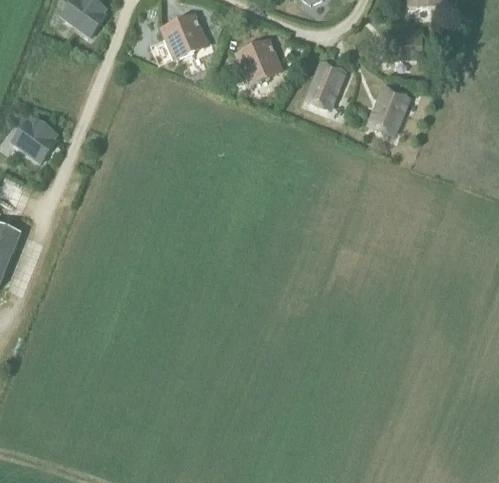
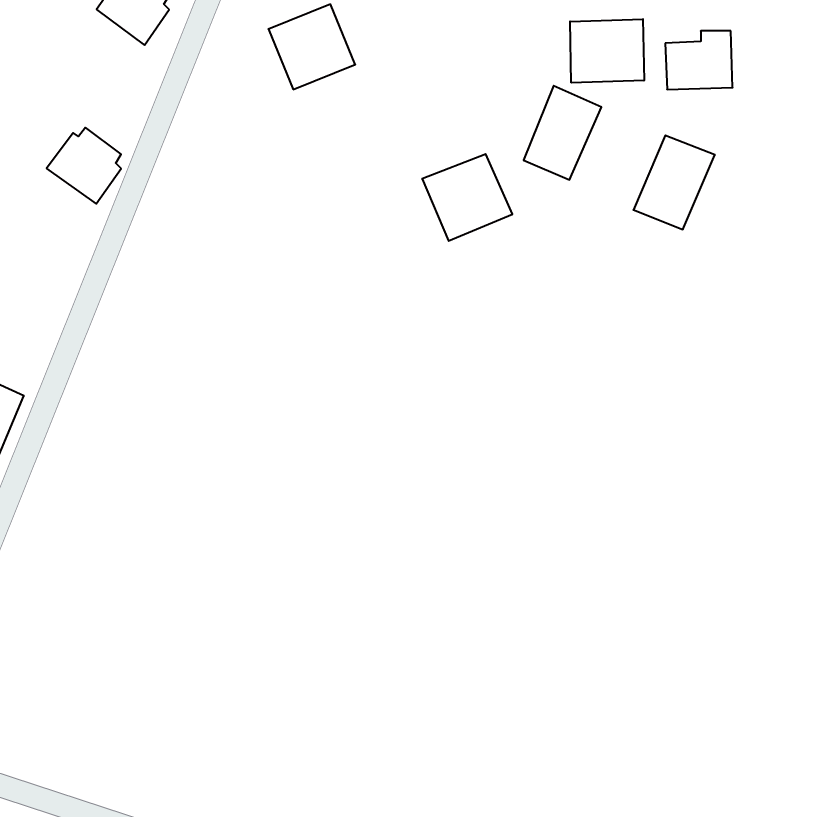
building: none -> [570,19,644,83]
building: [233,37,284,86] -> [422,154,512,241]
building: [13,118,55,161] -> [47,128,121,204]

